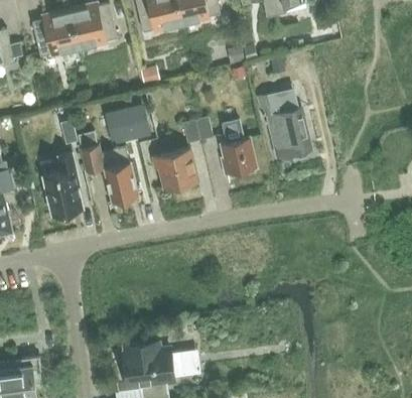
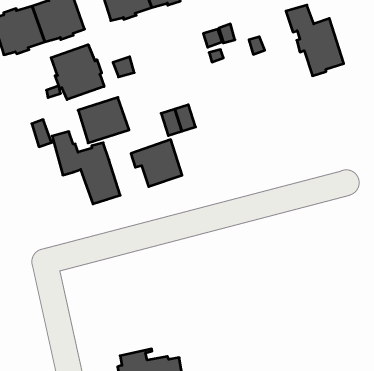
building: none -> [51,45,104,100]
building: [257,92,307,158] -> [286,5,344,76]
building: [220,118,255,174] -> none
building: [42,151,83,216] -> none

